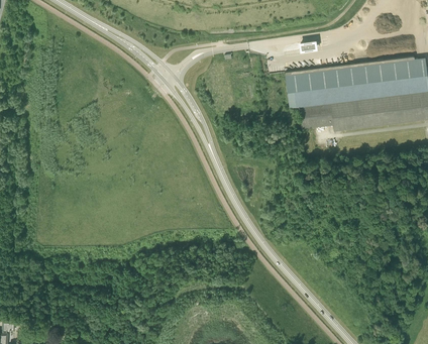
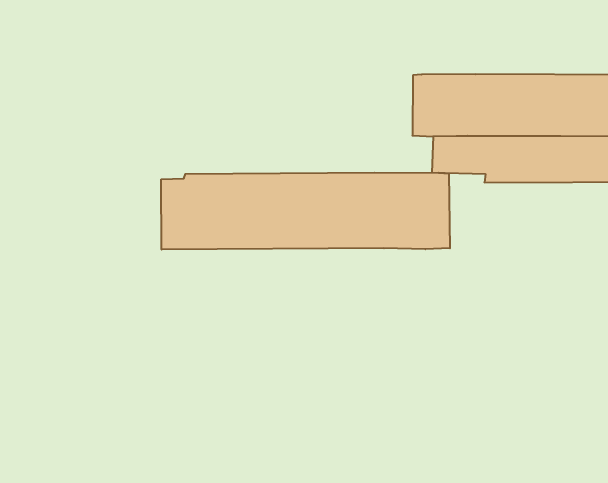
building: none -> [161,173,450,250]

